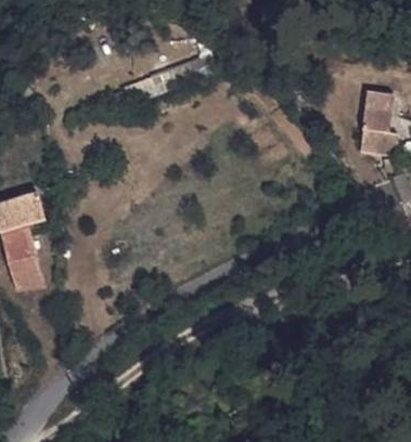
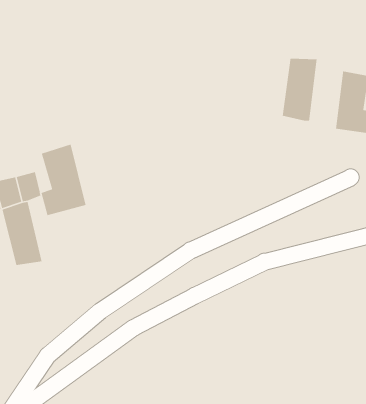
building: none -> [282,58,317,122]
building: none -> [41,143,87,216]

